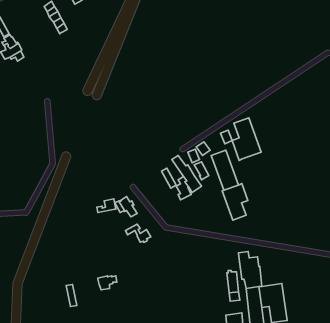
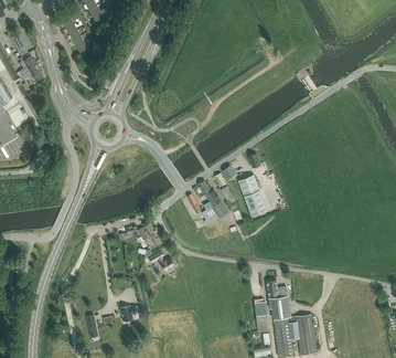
building: [232,118,261,160] -> none
building: [222,184,248,220] -> none

